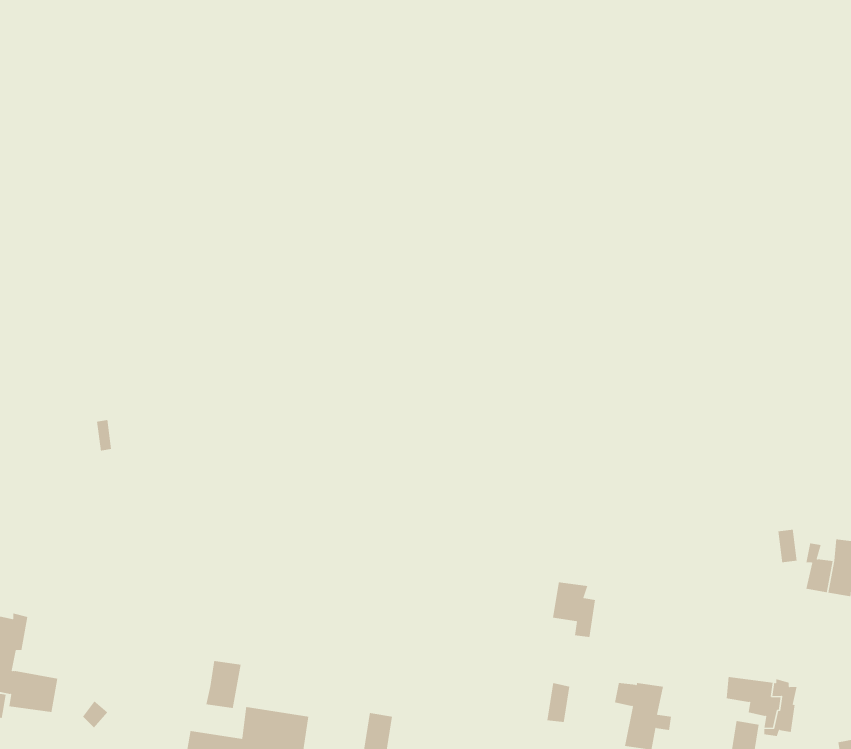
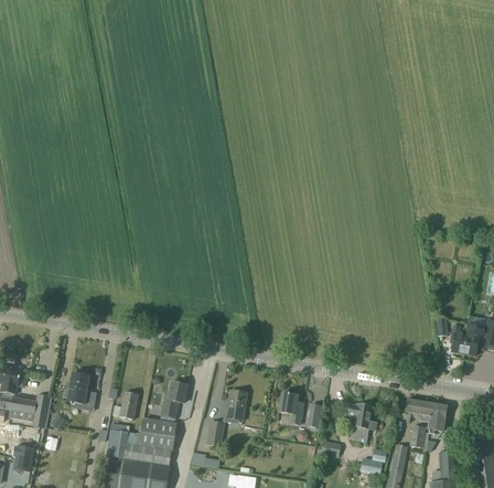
building: [552,582,596,638] -> [279,392,303,423]
building: none -> [65,373,96,410]
building: none -> [161,382,186,415]
building: none -> [223,390,245,421]

